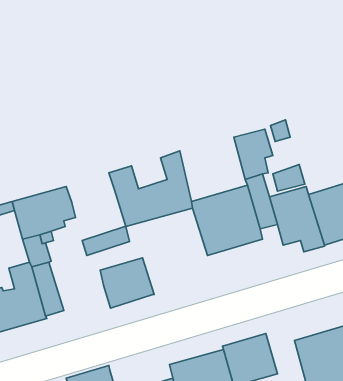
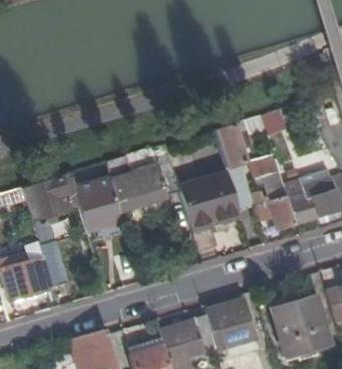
building: [100,258,154,308] -> [75,176,123,220]

